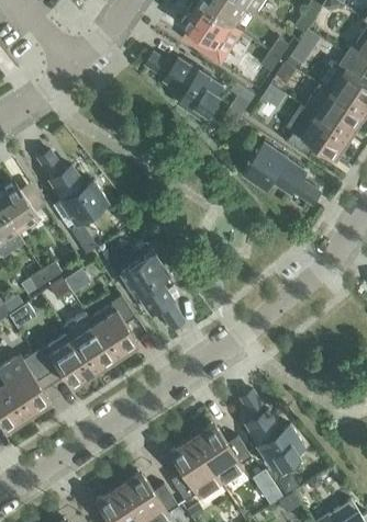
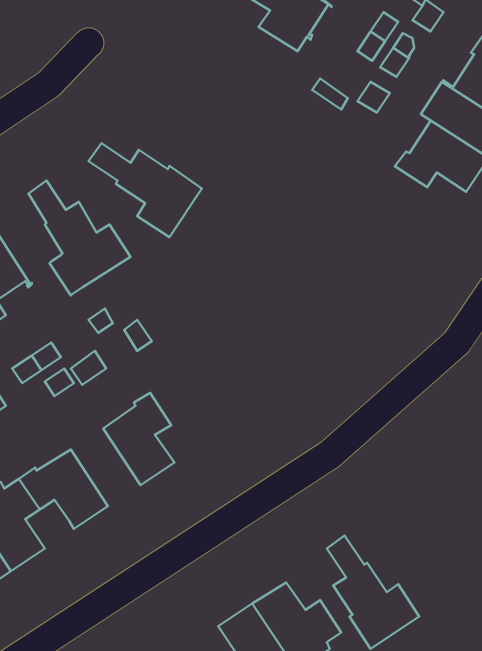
building: [147,55,224,118] -> [88,143,202,237]
building: [243,140,319,204] -> none
building: [119,251,181,328] -> none
building: [67,320,114,373] -> none

